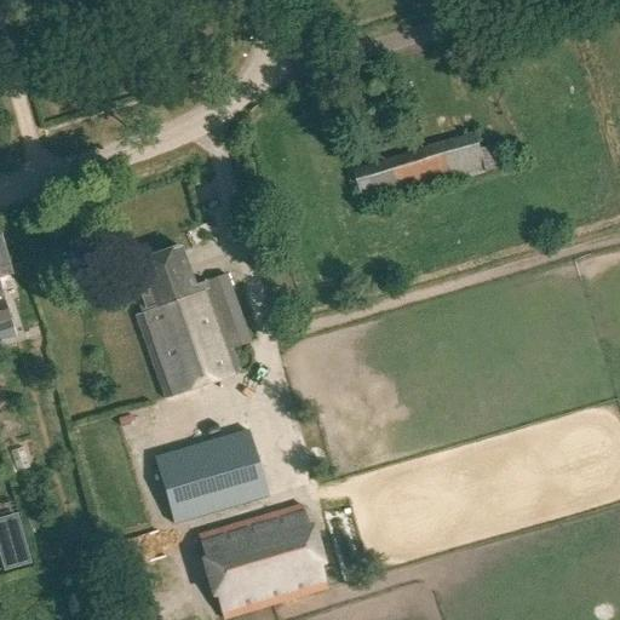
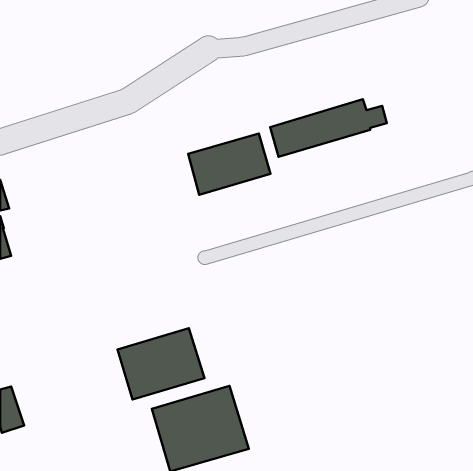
building: none -> [188,133,271,195]
building: [132,245,249,397] -> none

